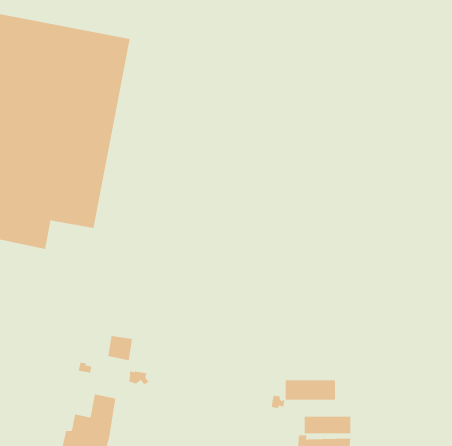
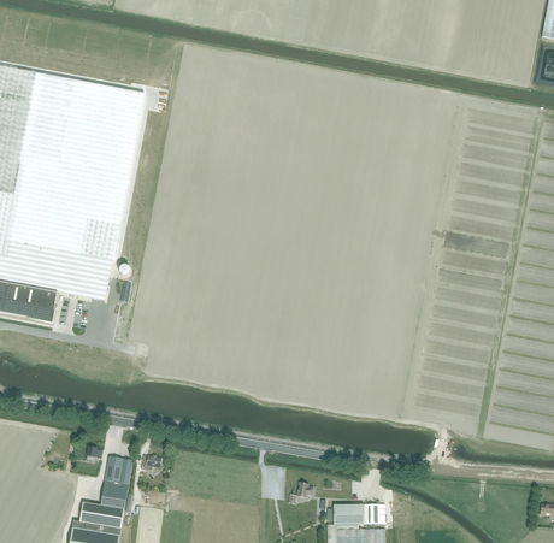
building: [108,335,133,361] -> [105,456,132,484]
building: [285,380,336,401] -> none

